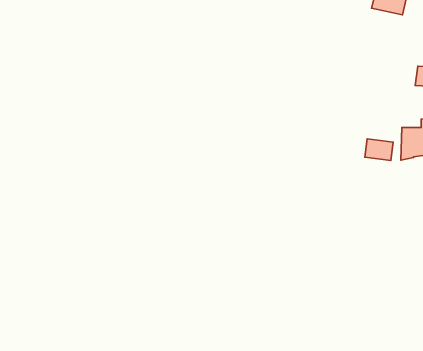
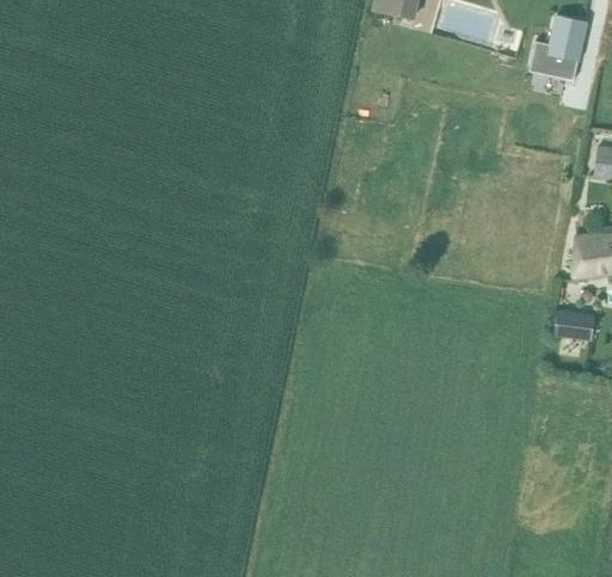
building: [365,139,393,161] -> [555,311,595,342]

